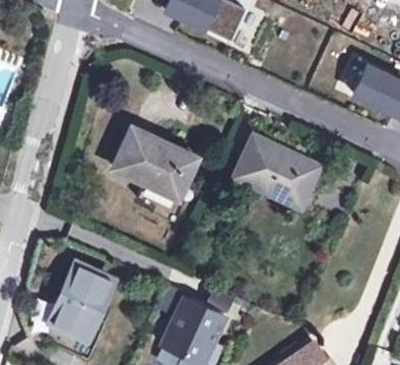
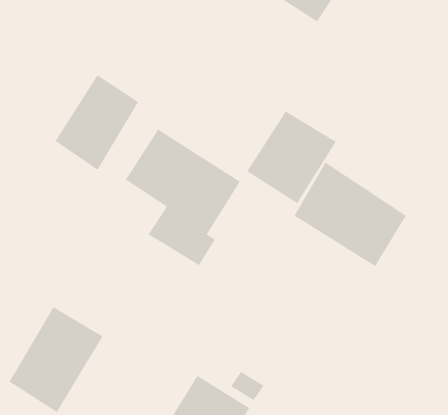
building: none -> [54,74,139,171]
building: none -> [246,110,337,204]

